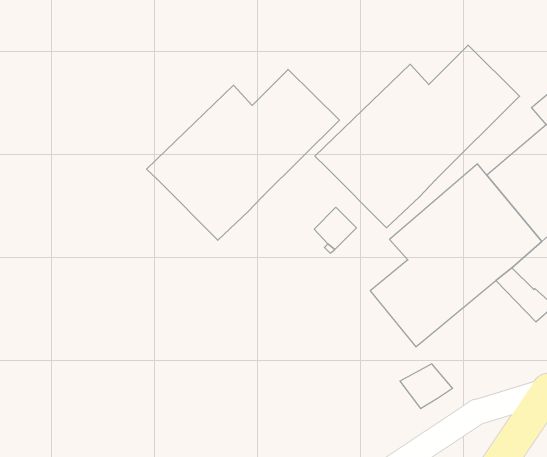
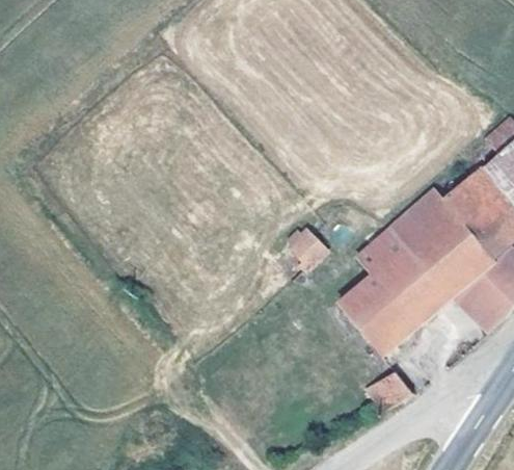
building: [315,45,520,228] -> none
building: [147,69,339,240] -> none

